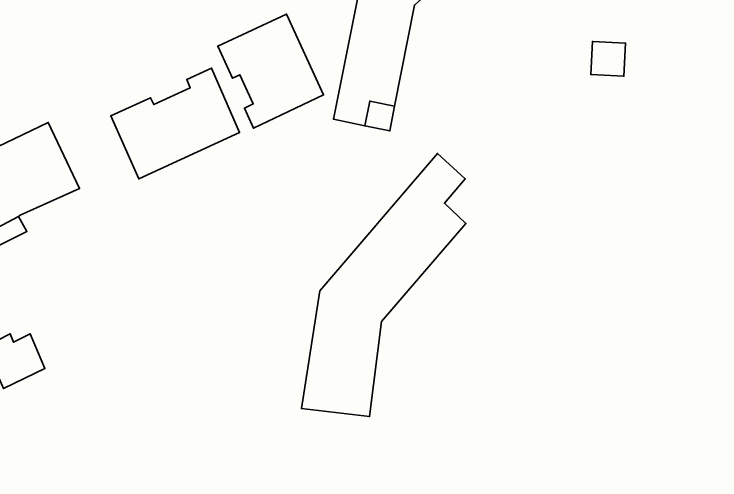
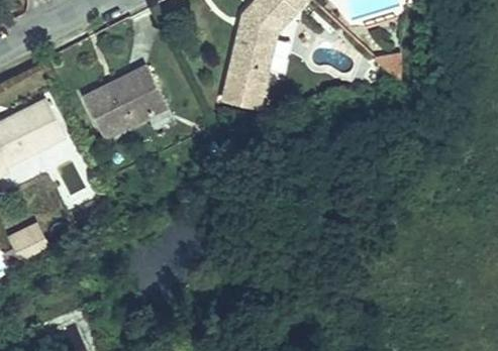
building: [218,14,323,128] -> none
building: [301,153,466,416] -> none

